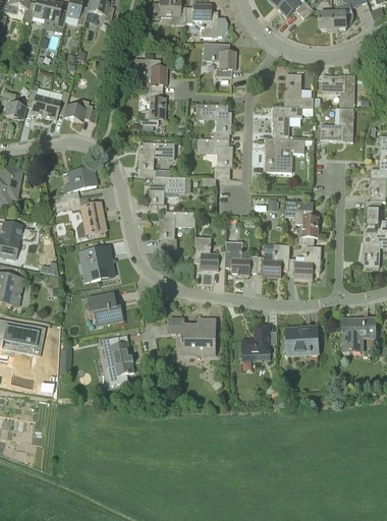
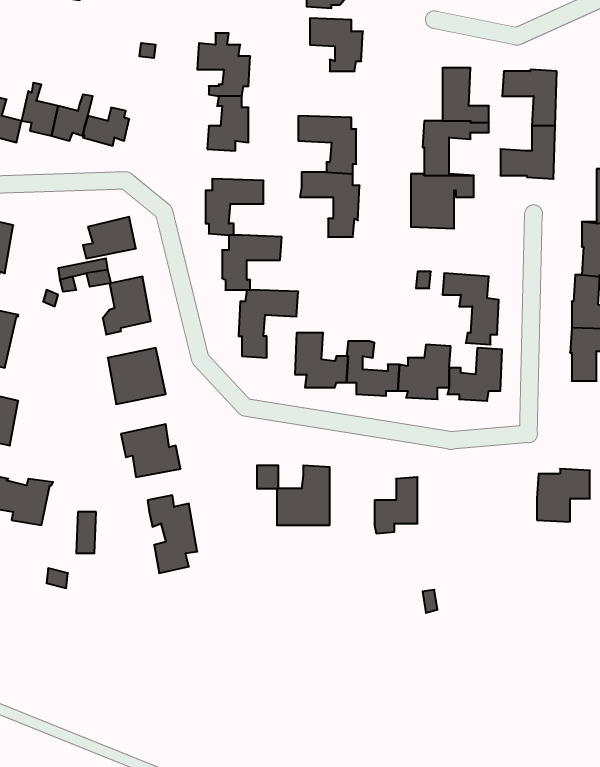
building: [286,327,318,355] -> none

